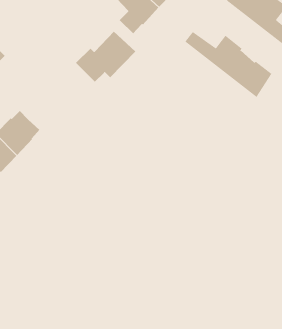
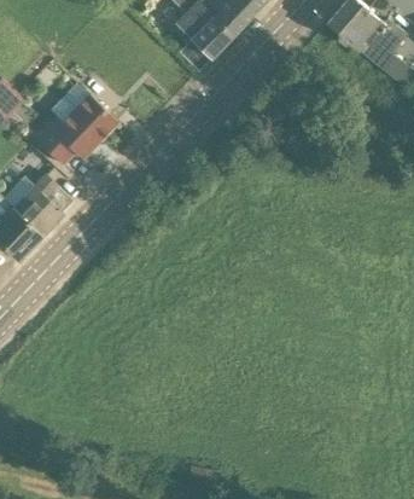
building: [75,31,136,83] -> [35,94,117,164]
building: [184,31,272,98] -> none

